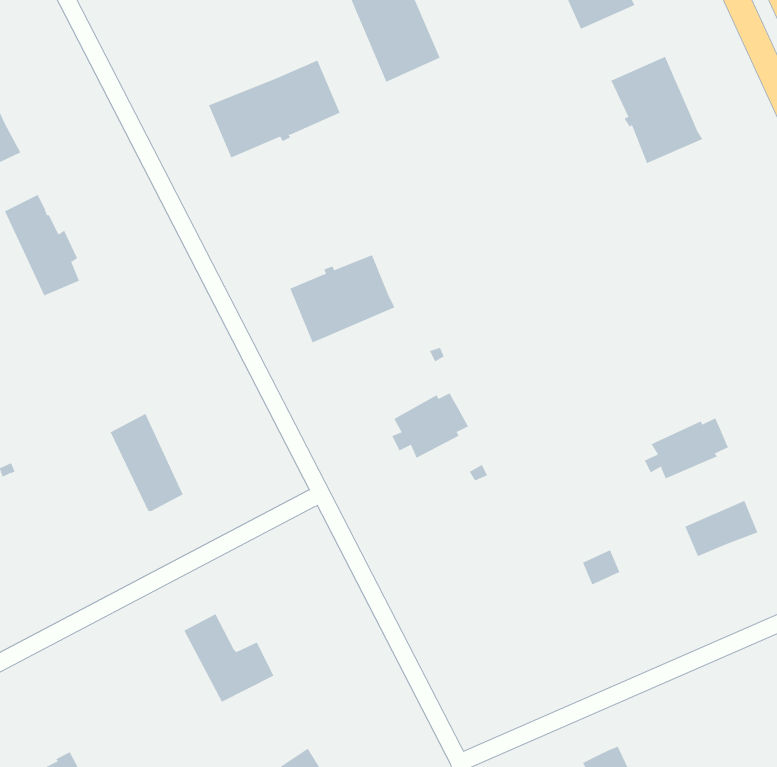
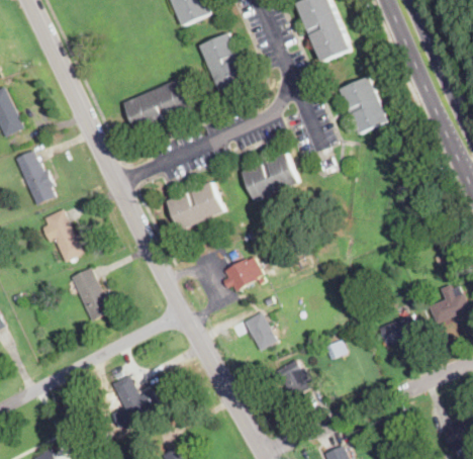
building: none -> [242,153,298,200]
building: none -> [38,208,84,262]
building: [644,418,729,479] -> none
building: none -> [243,311,277,350]
building: none -> [274,360,308,397]

